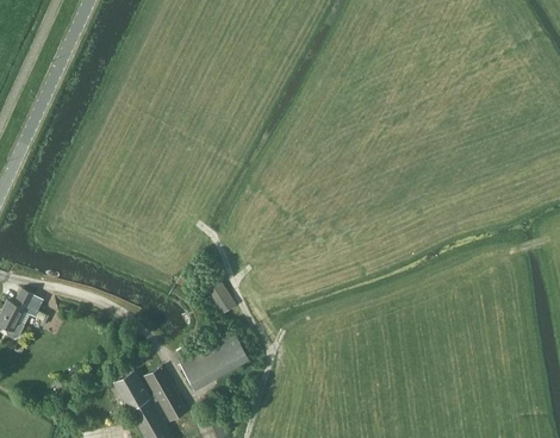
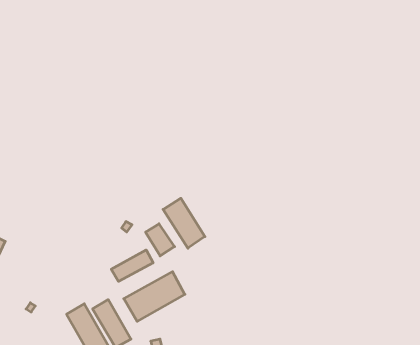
building: none -> [163,198,205,248]
building: none -> [111,250,153,281]

